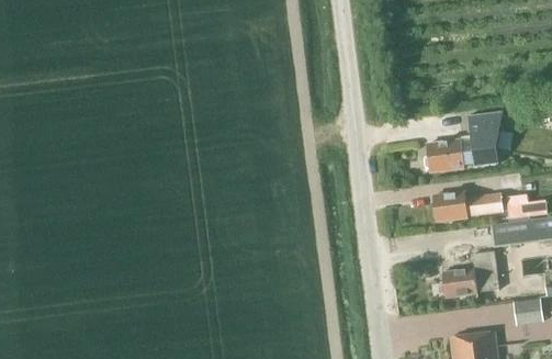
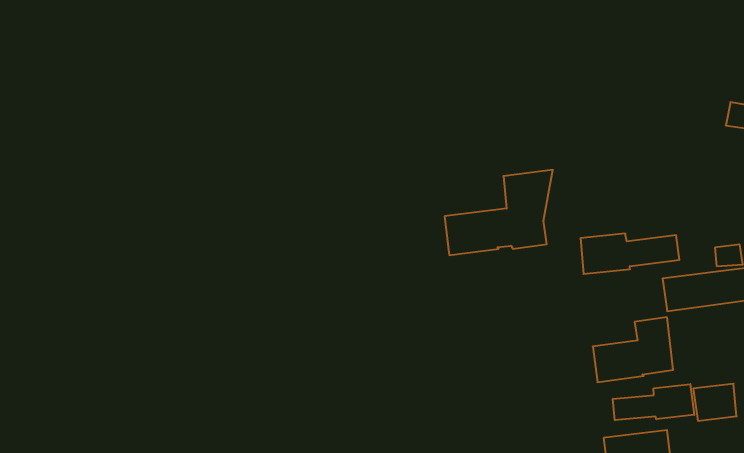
building: [426,110,503,170] -> [445,170,553,255]
building: none -> [613,384,694,420]

